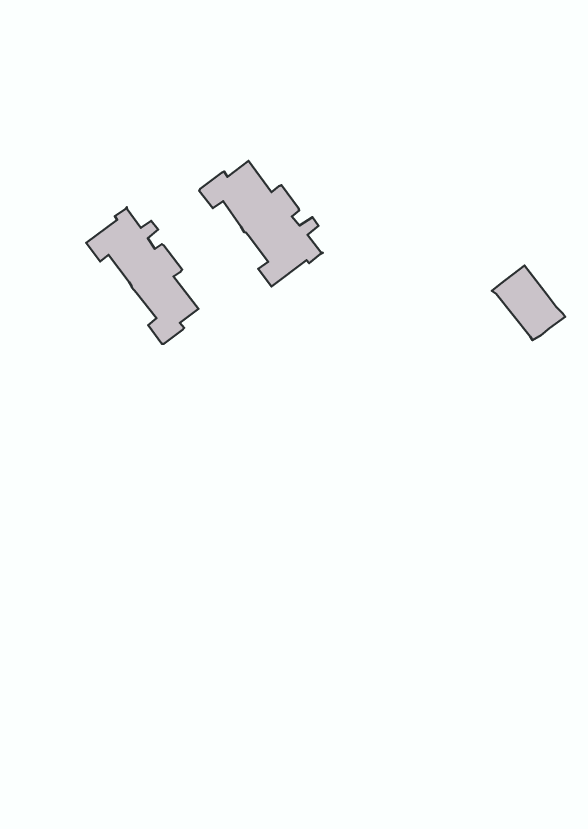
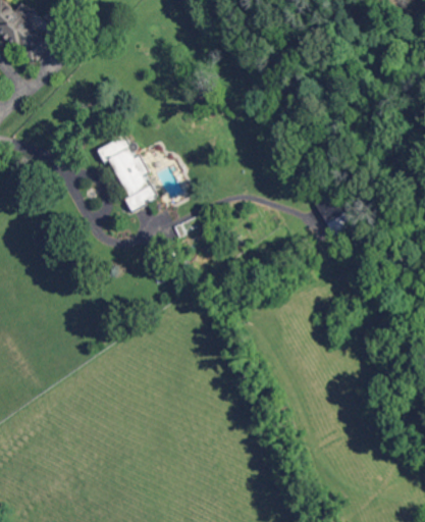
building: [199,161,323,287] -> none

